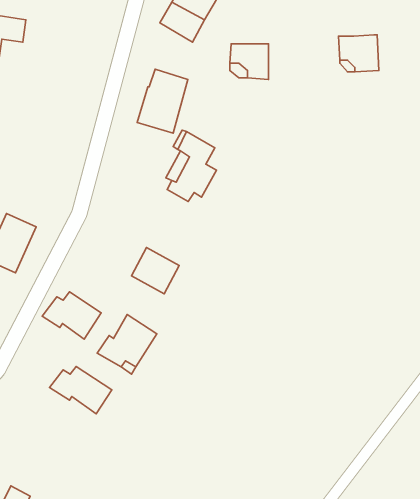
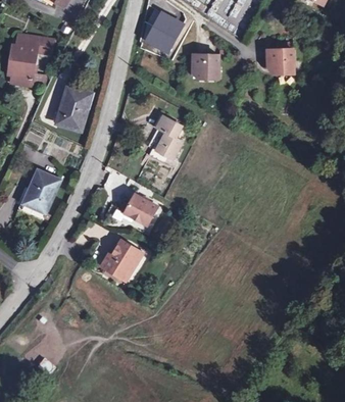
building: [137,69,188,133] -> [56,86,91,130]
building: [42,292,101,339] -> none
building: [50,366,112,414] -> none

